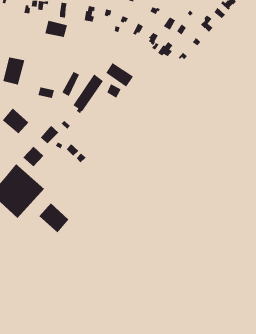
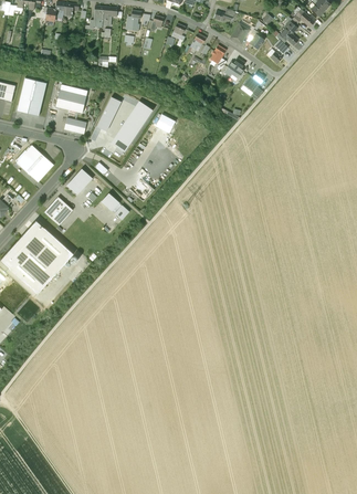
building: [45,20,68,37] -> [54,90,85,113]
building: [105,62,134,88] -> none
building: [38,203,69,233] -> none

